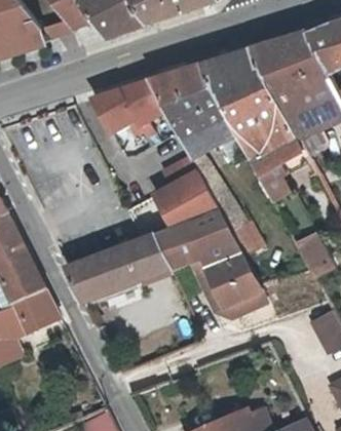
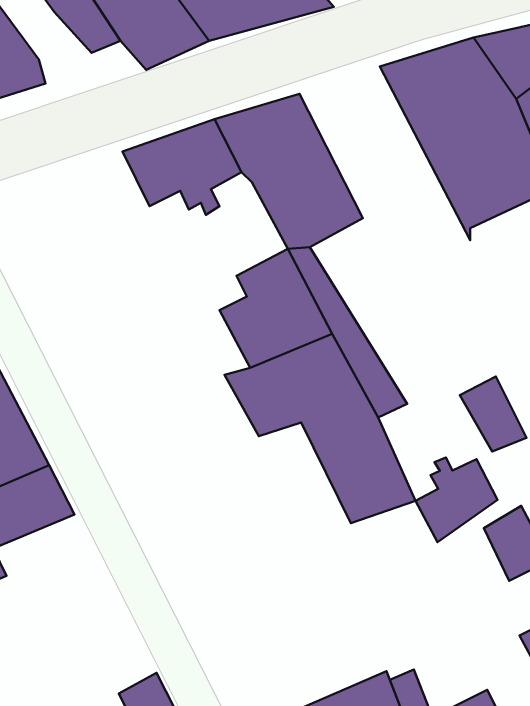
building: [198,45,301,202] -> none
building: [63,231,174,303] -> none
building: none -> [416,458,497,542]

